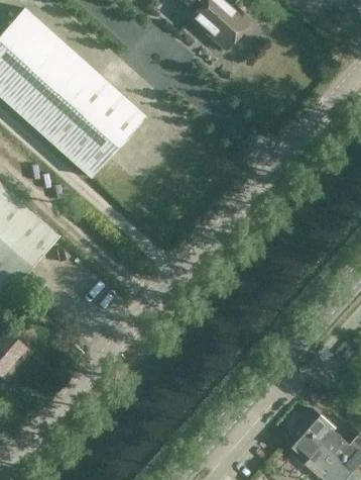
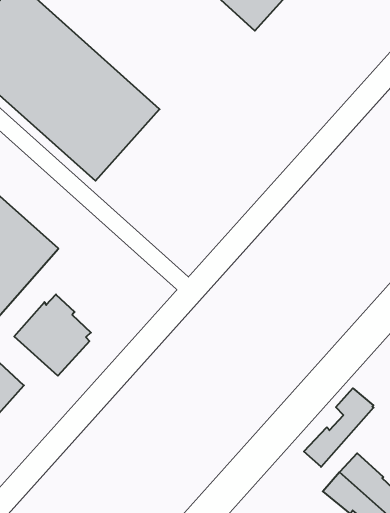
building: none -> [14,294,91,376]
building: none -> [304,388,374,467]

